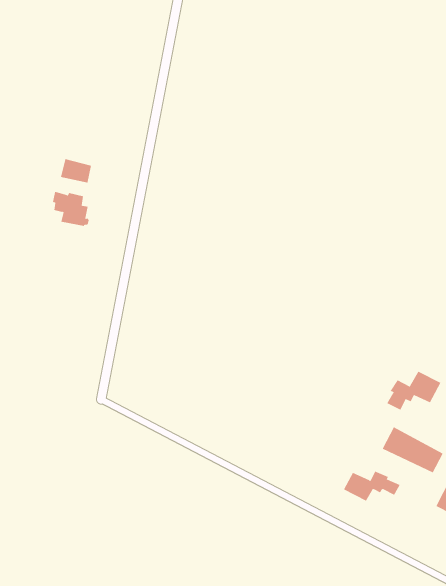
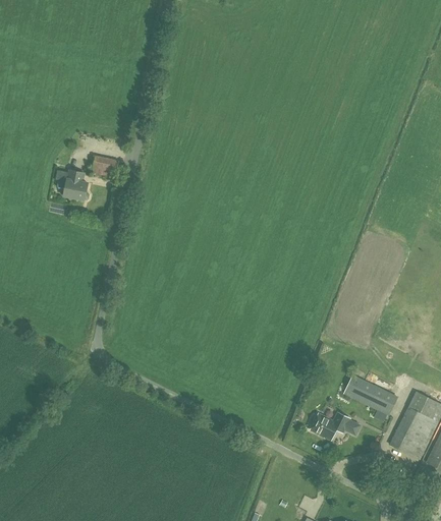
building: [60,158,92,183] -> [91,155,118,176]
building: [386,371,441,410] -> none

